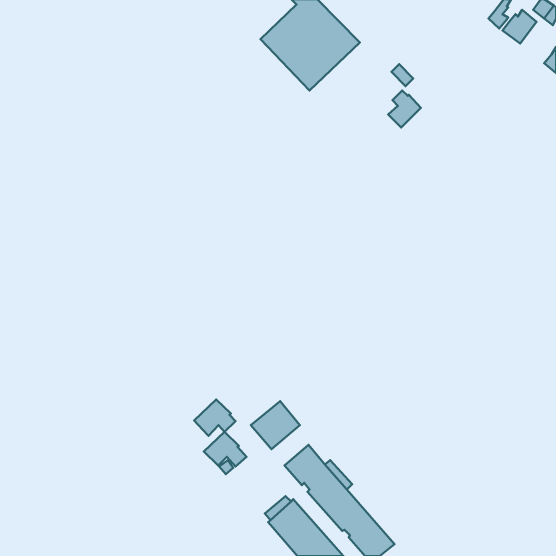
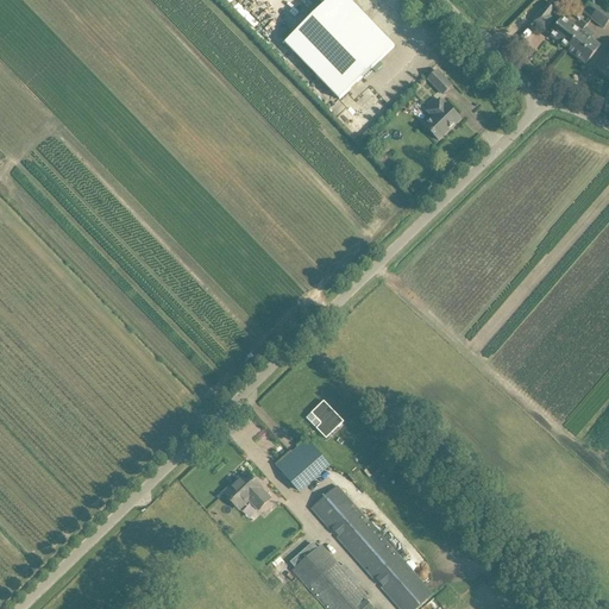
building: none -> [567,24,598,63]
building: none -> [310,401,343,438]
building: [194,399,236,436] -> none

